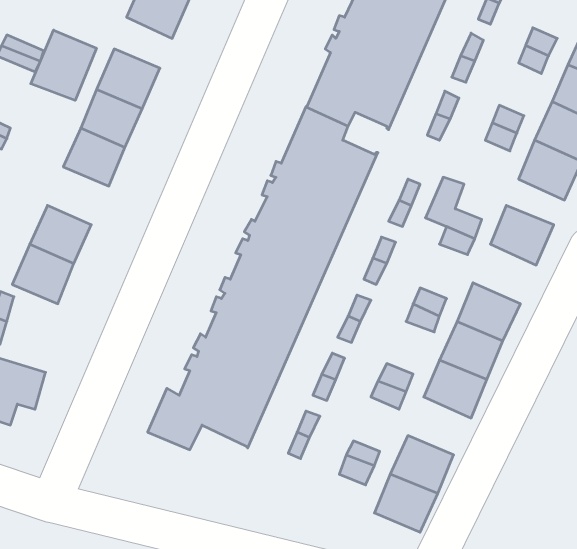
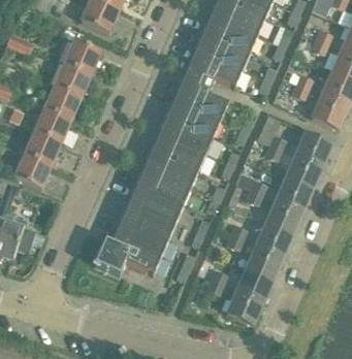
building: [31,30,96,100] -> none
building: none -> [34,109,70,143]
building: none -> [284,155,321,190]
building: none -> [246,244,283,279]

